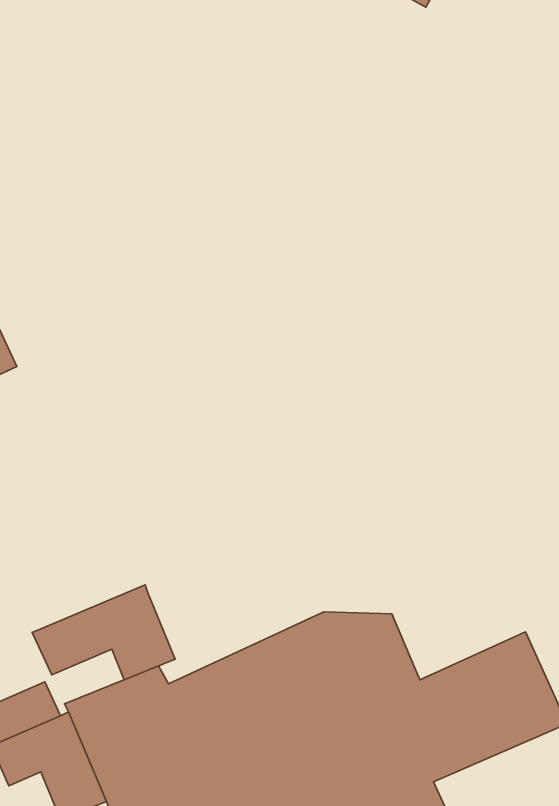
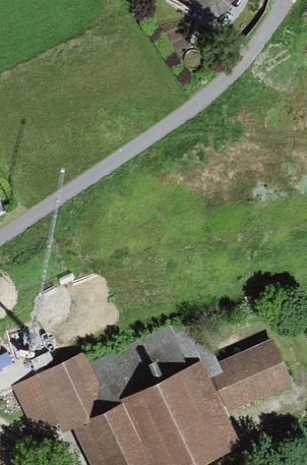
building: [32,585,175,680] -> none

